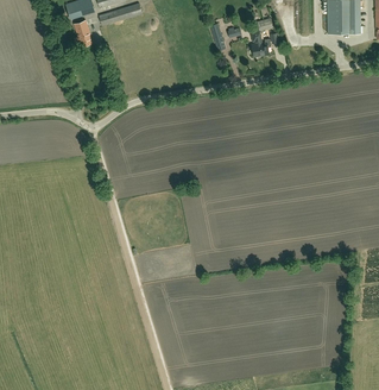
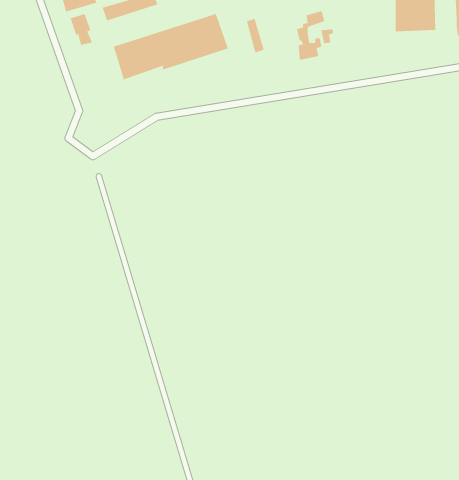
building: none -> [113,13,229,80]

